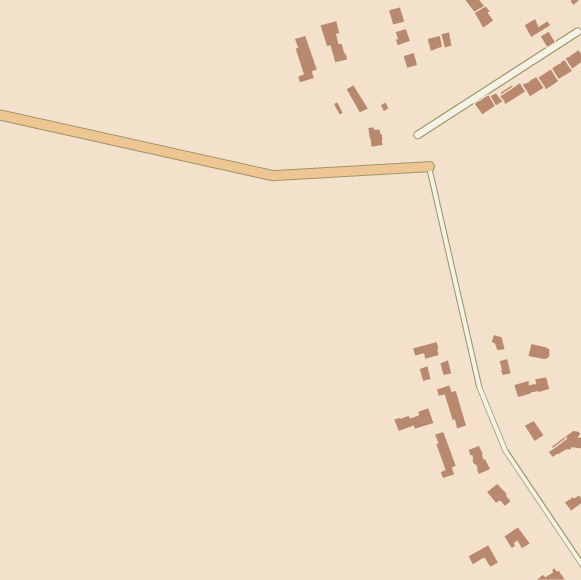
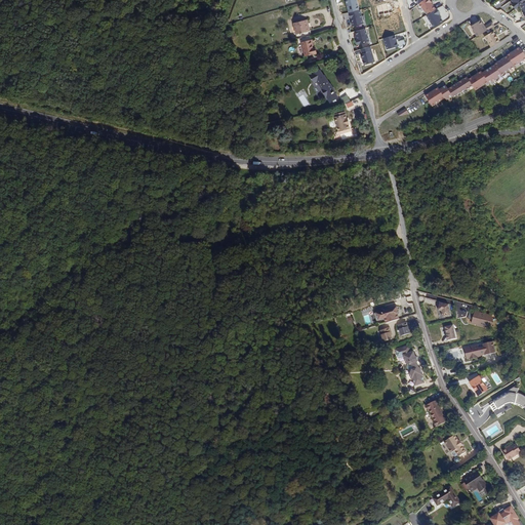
building: [294,35,317,83] -> none
building: [394,407,434,432] -> none
building: [434,431,457,479] -> none

